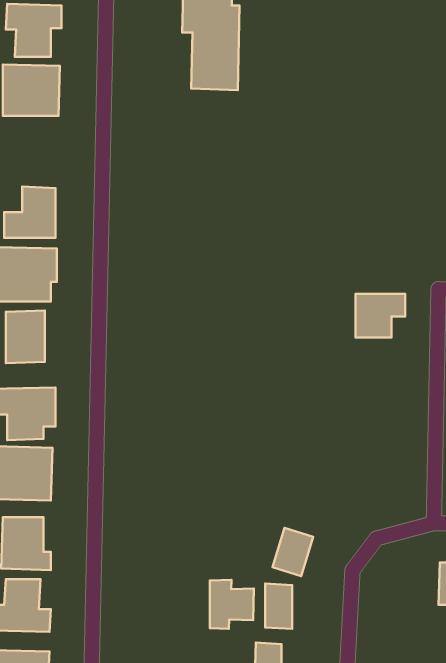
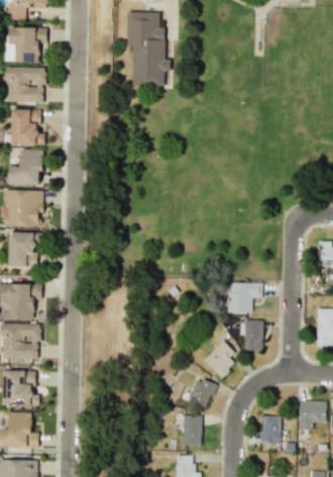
building: none -> [12,110,44,146]
building: [355,294,405,338] -> [228,283,261,312]
building: none -> [244,320,263,351]
building: none -> [204,342,239,378]
building: [210,580,254,629] -> none
building: none -> [260,416,281,445]

